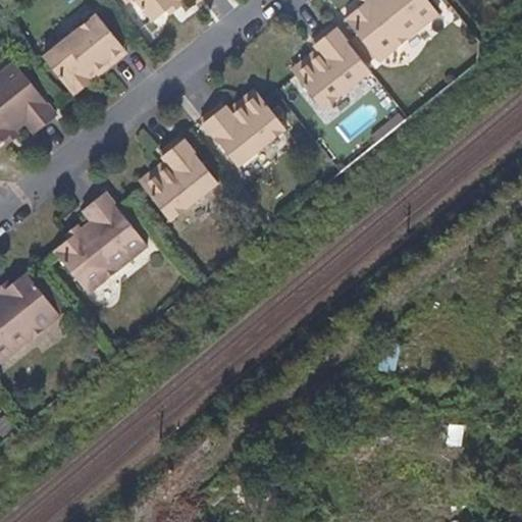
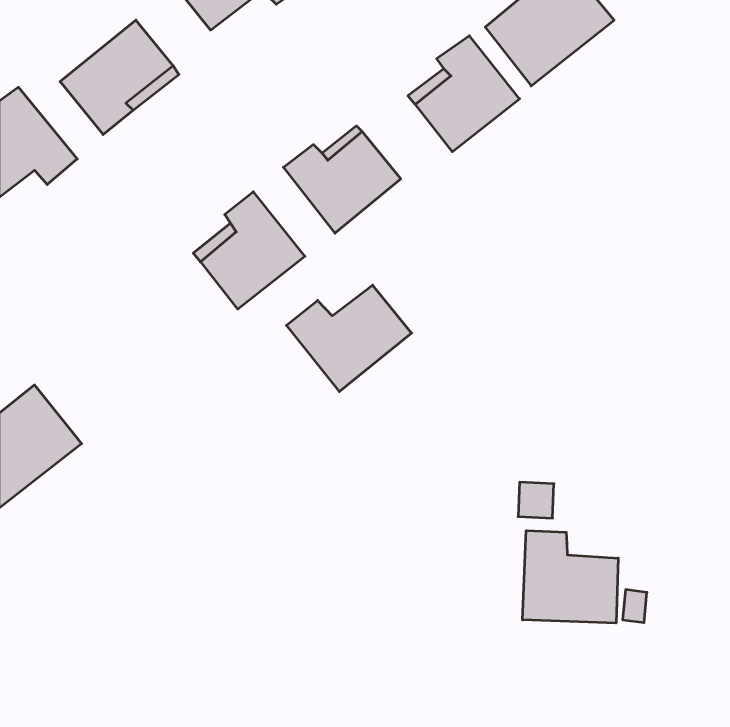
building: [54,194,148,293] -> none
building: none -> [286,285,412,392]
building: none -> [523,531,618,623]

